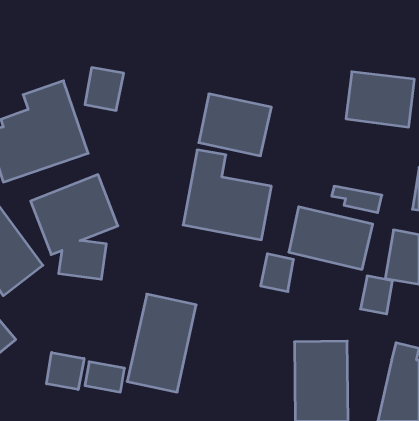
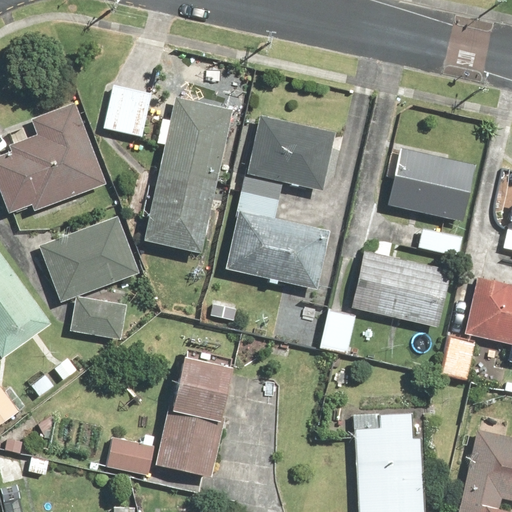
building: [346,72,414,127] -> [390,154,473,221]
building: none -> [147,96,234,252]
building: [47,352,84,390] -> none

